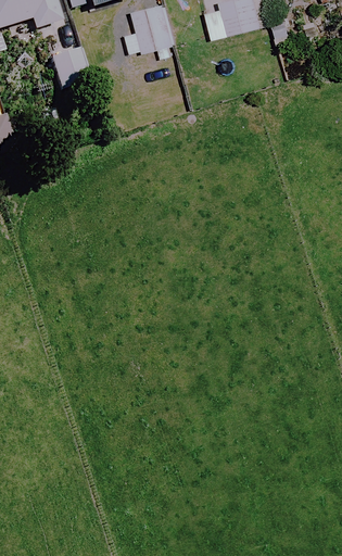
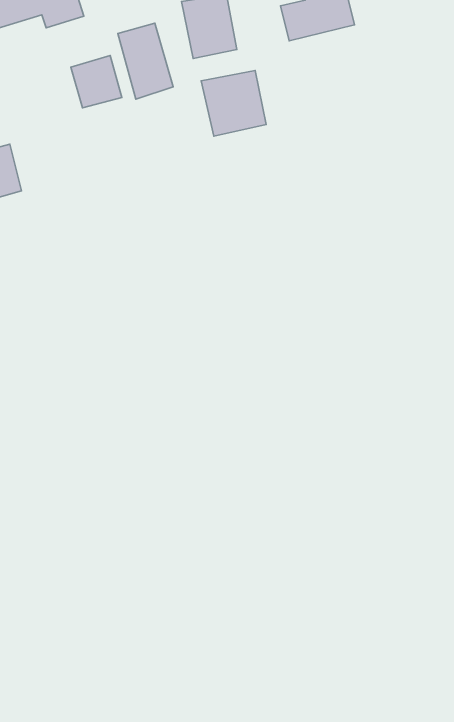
building: none -> [118,23,173,99]
building: none -> [201,70,266,136]

